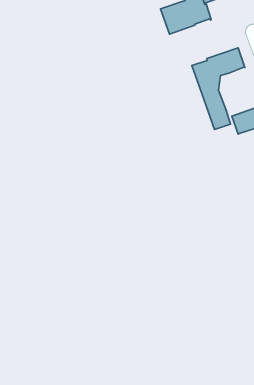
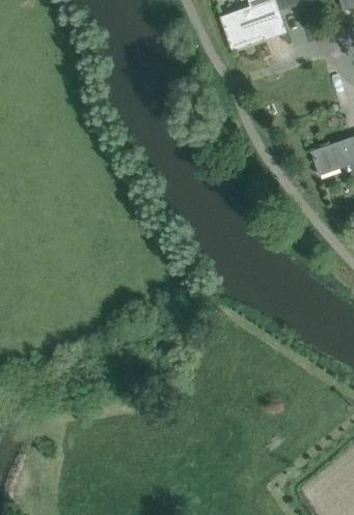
building: [192,48,245,130] -> none

